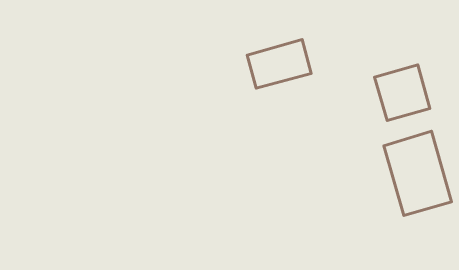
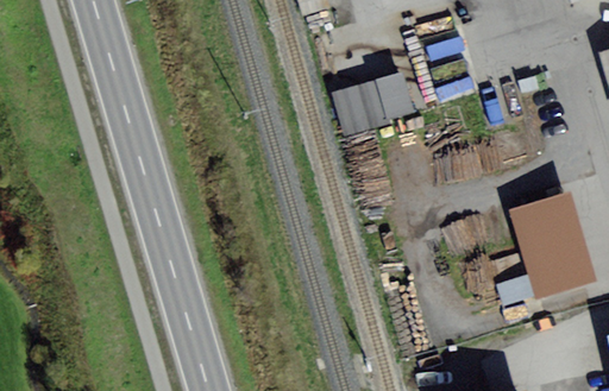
building: [374,65,430,120] -> none

